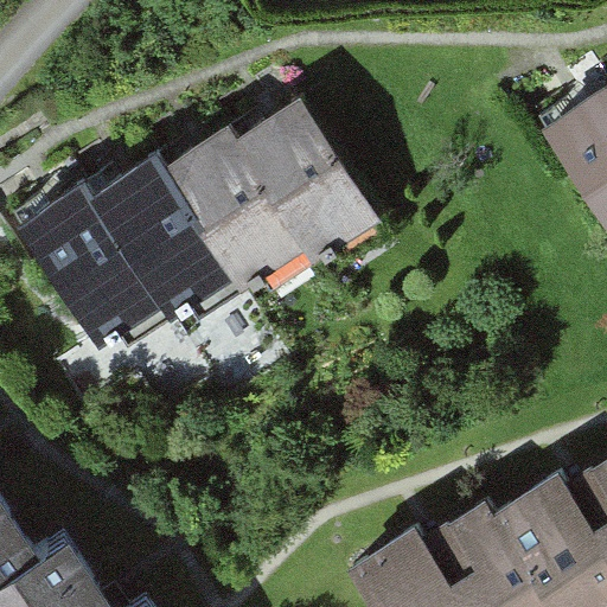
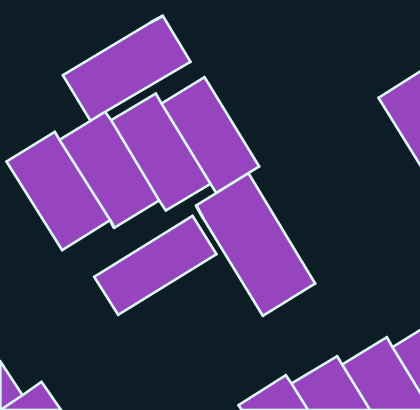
building: none -> [63,16,190,121]
building: none -> [196,173,315,316]
building: none -> [94,216,216,315]

